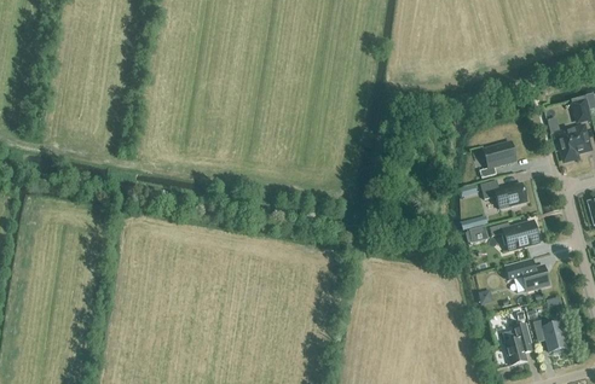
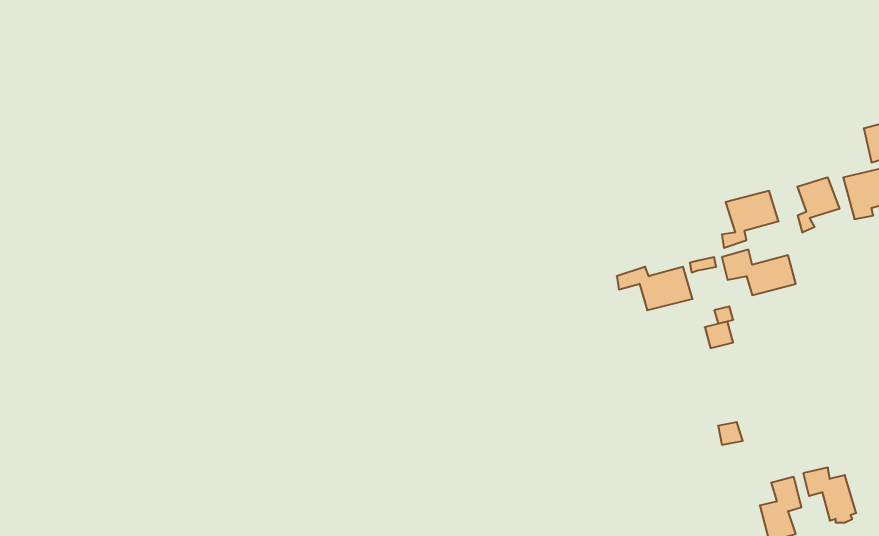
building: none -> [797,177,839,233]
building: [490,221,538,249] -> [617,267,693,310]
building: [506,262,549,290] -> none

